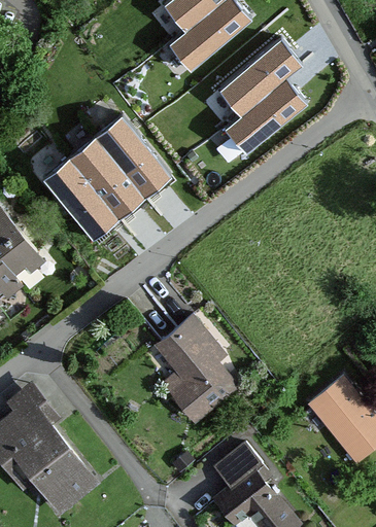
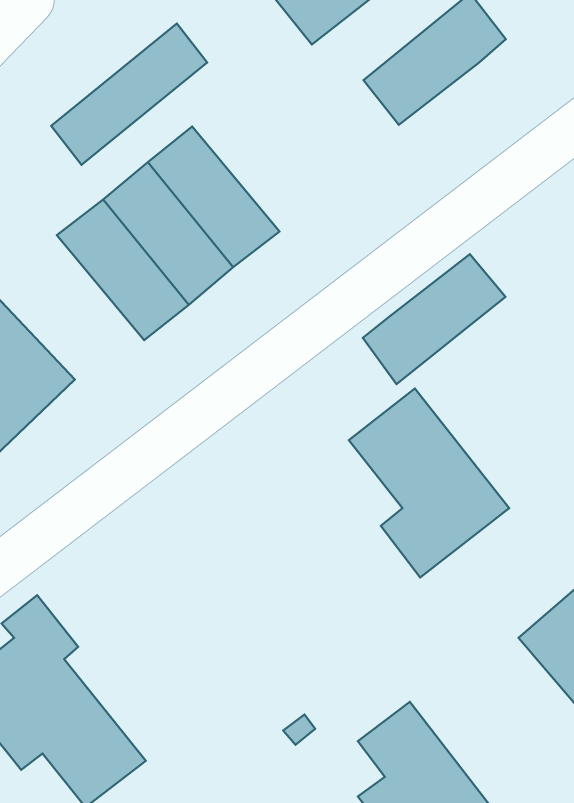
building: none -> [51,24,207,165]
building: [223,76,305,151] -> [363,254,505,384]
building: [153,317,246,426] -> [349,389,509,578]

